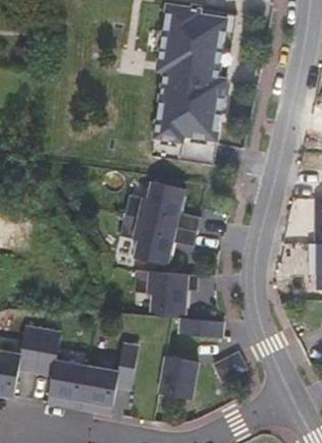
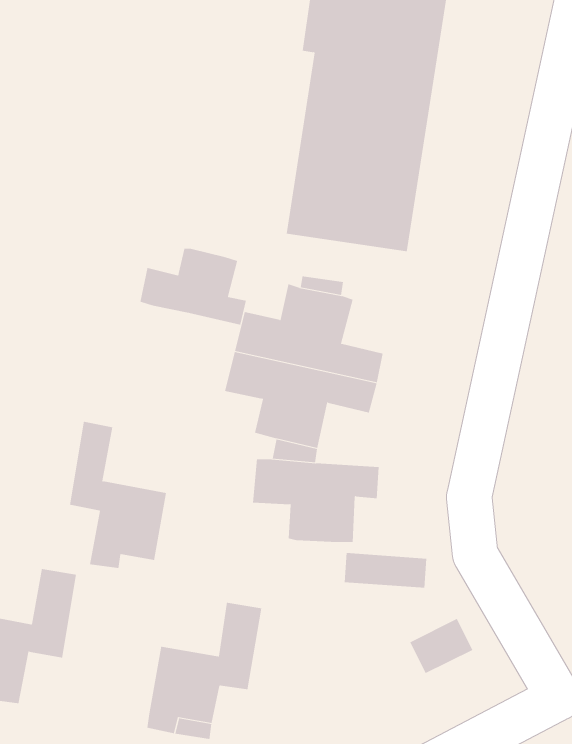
building: none -> [140,248,247,326]
building: [37,330,87,405] -> [69,421,167,569]
building: [160,356,199,399] -> none

